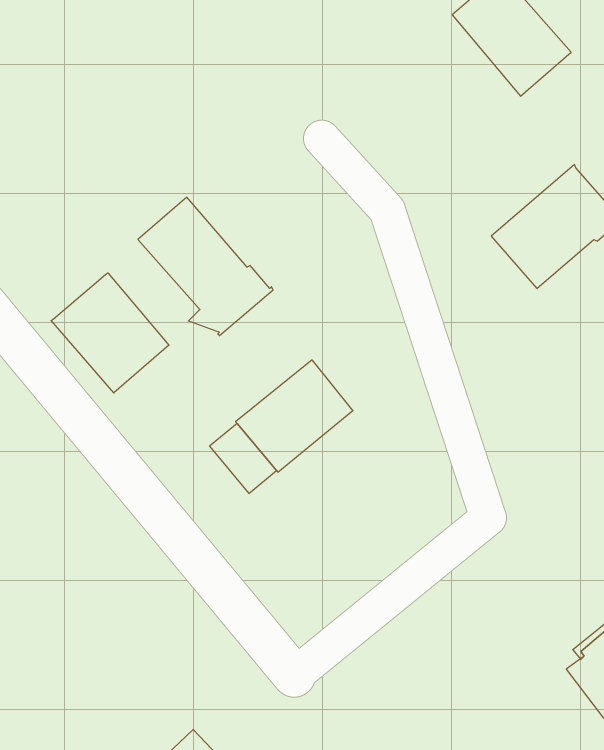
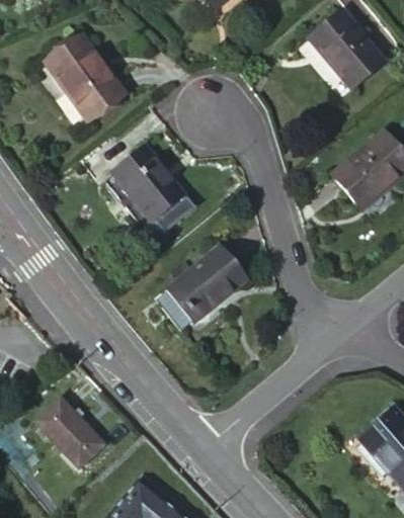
building: none -> [45,39,123,124]
building: [51,273,169,393] -> none
building: none -> [42,398,109,467]

